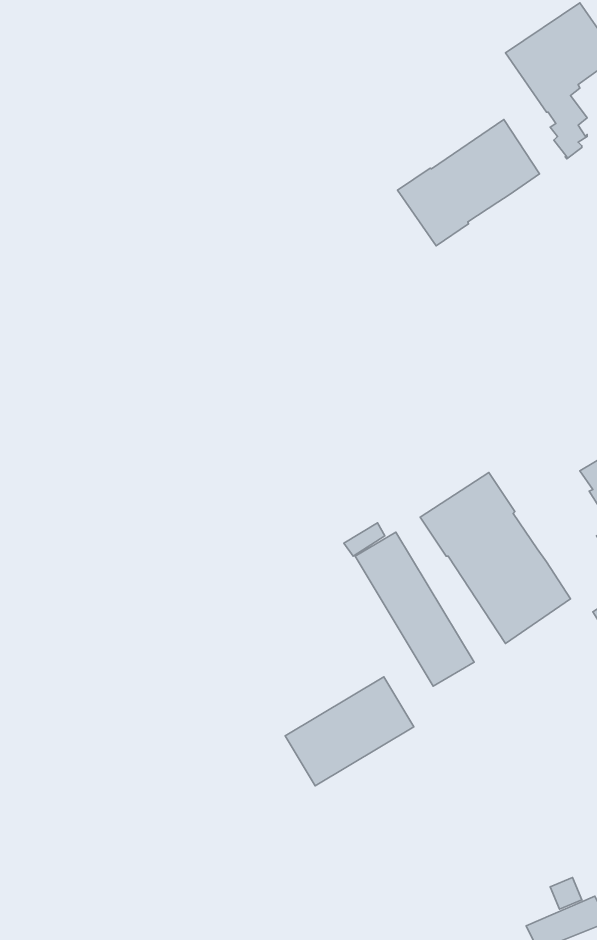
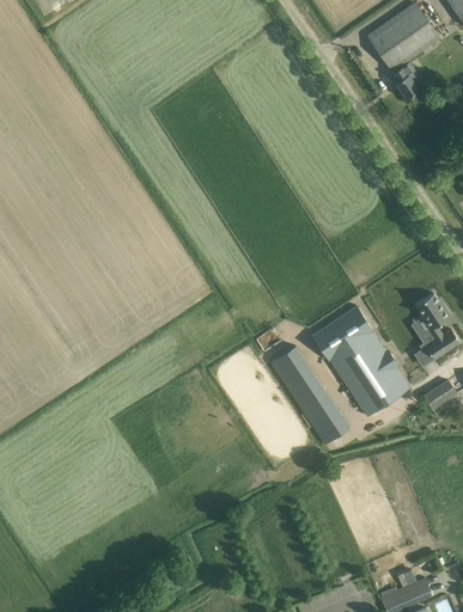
building: [398,119,540,246] -> none
building: [285,677,414,786] -> none

